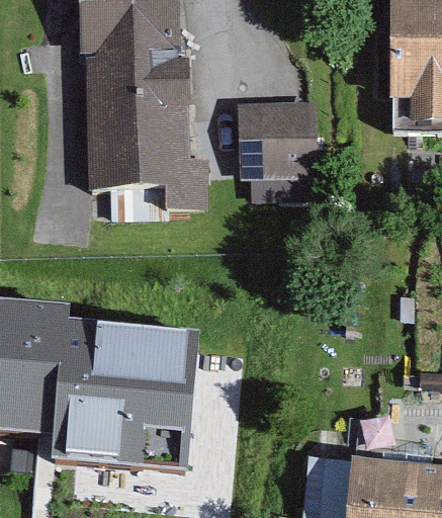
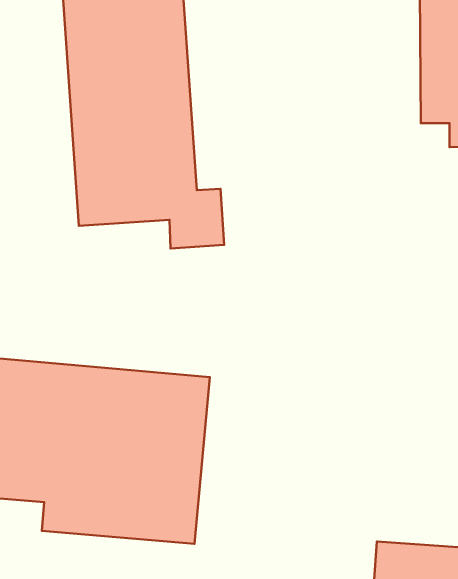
building: [243,103,325,185] -> none

